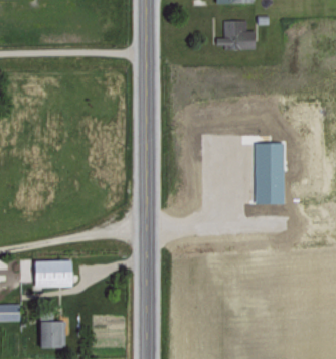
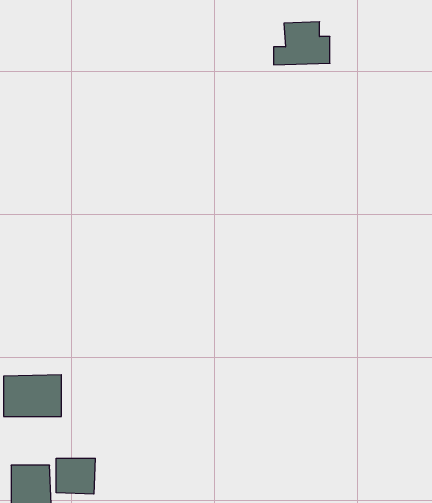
building: [255,142,284,204] -> none
building: none -> [56,458,95,494]

